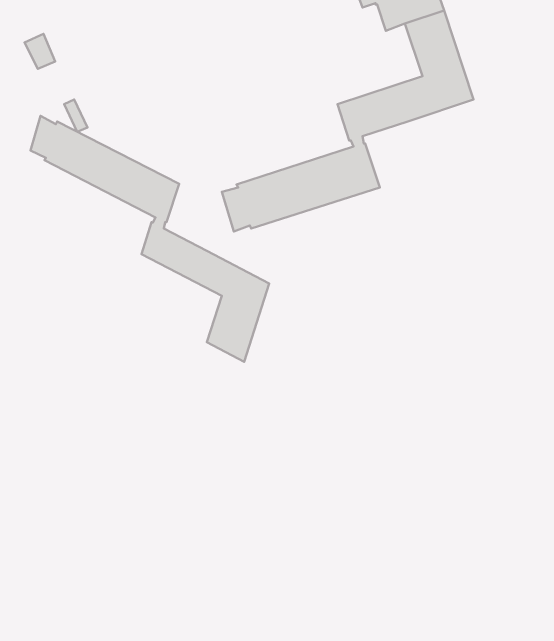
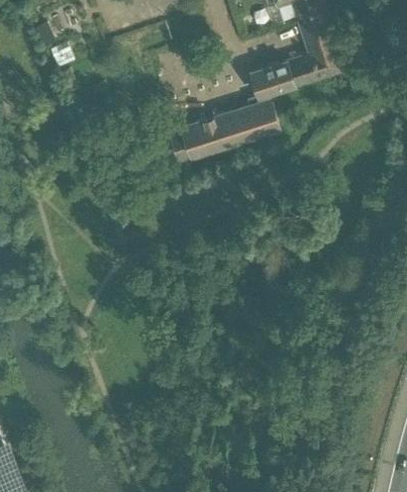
building: [31,116,269,362] -> none

